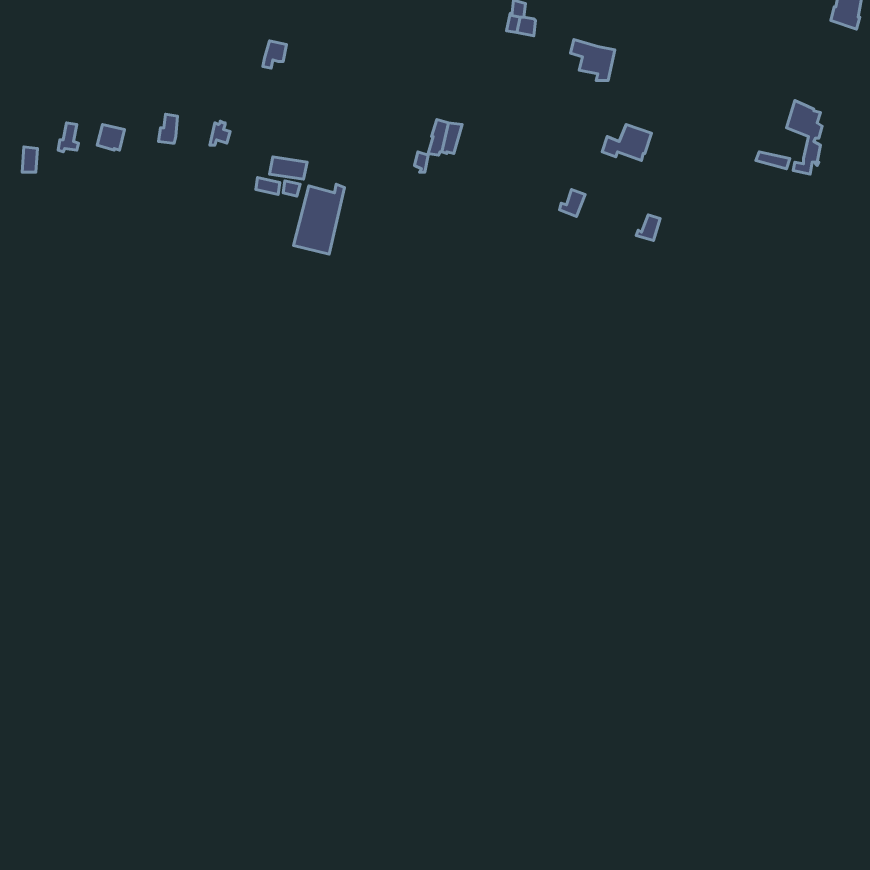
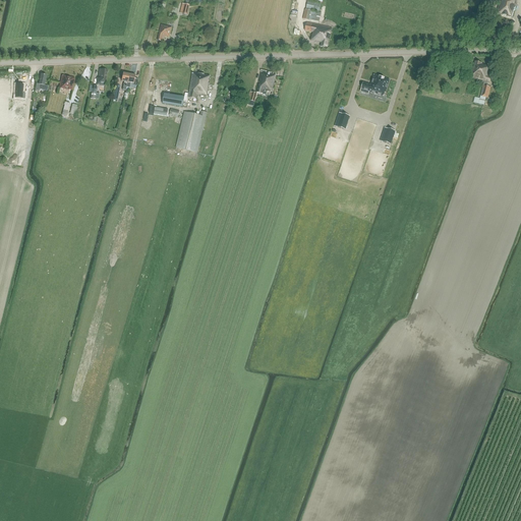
building: [571,40,615,81] -> [304,21,331,46]
building: none -> [187,72,210,98]

